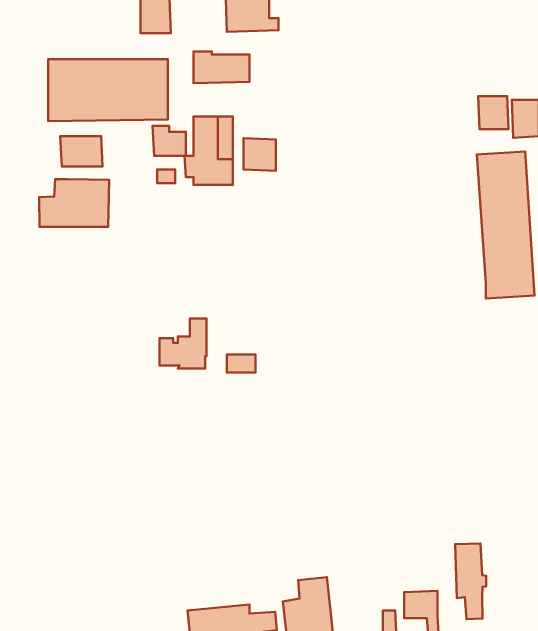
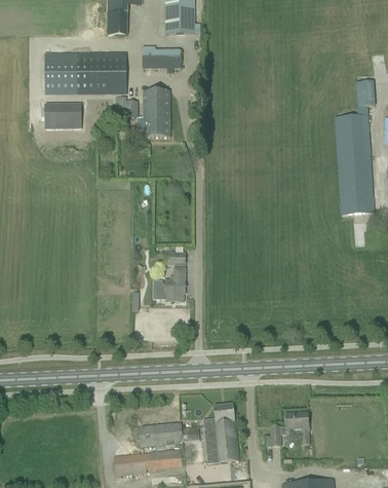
building: [478,96,508,129] -> none
building: [243,138,276,171] -> none
building: [39,179,109,227] -> none
building: [160,318,207,368] -> [153,268,185,302]
building: [455,543,486,619] -> none

